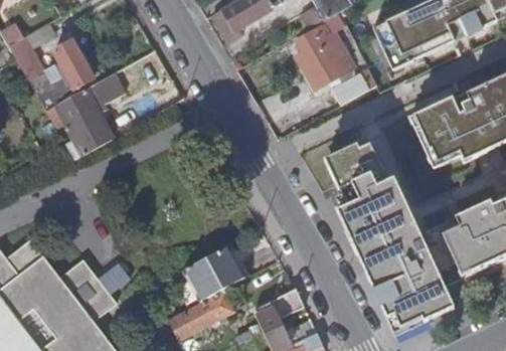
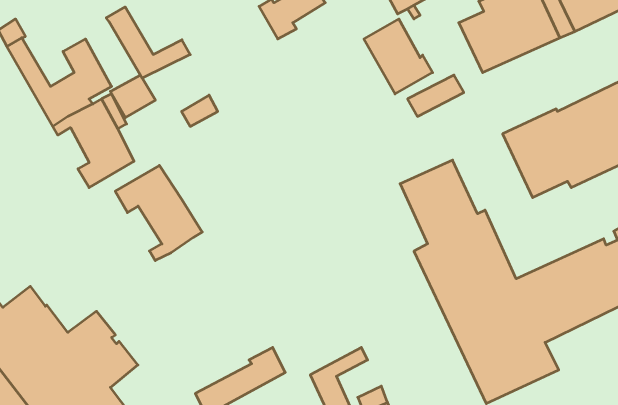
building: none -> [106,7,190,78]
building: none -> [115,165,202,261]
building: [185,246,244,301] -> none

